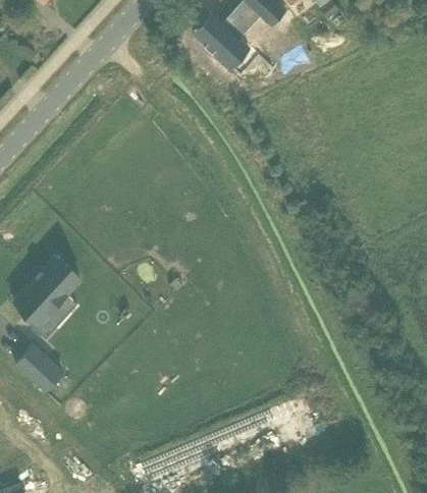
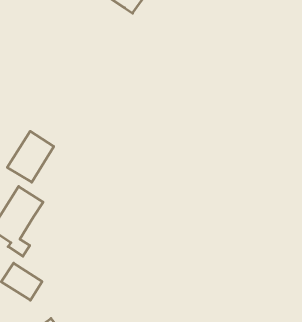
building: none -> [7,131,54,182]

